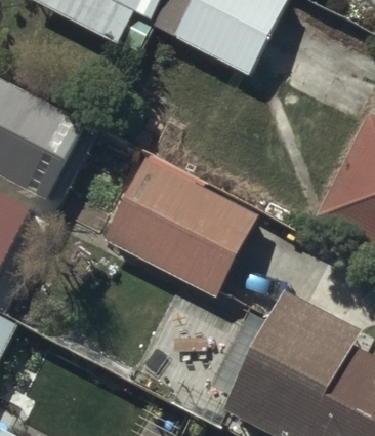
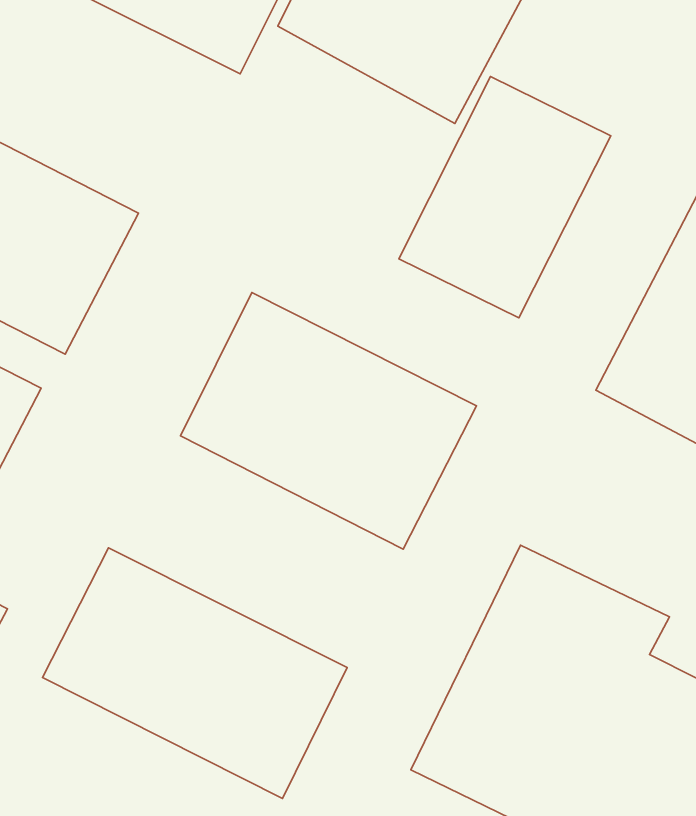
building: none -> [399,77,611,318]
building: none -> [42,548,347,799]

